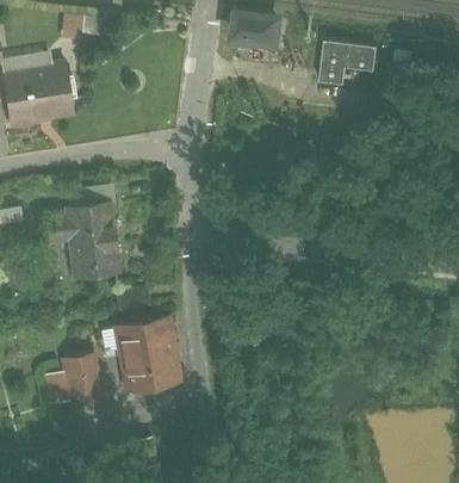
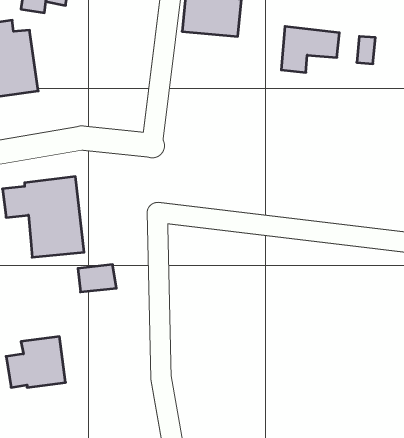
building: [117,316,173,391] -> none

